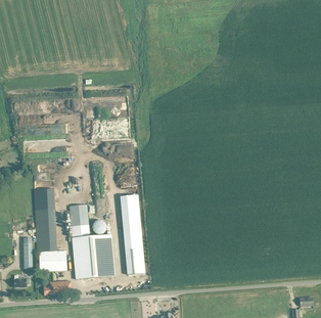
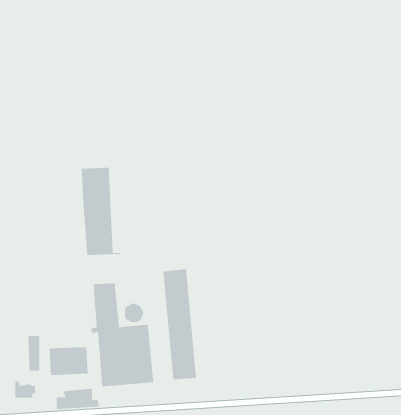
building: [33,188,61,252] -> [81,167,121,255]

